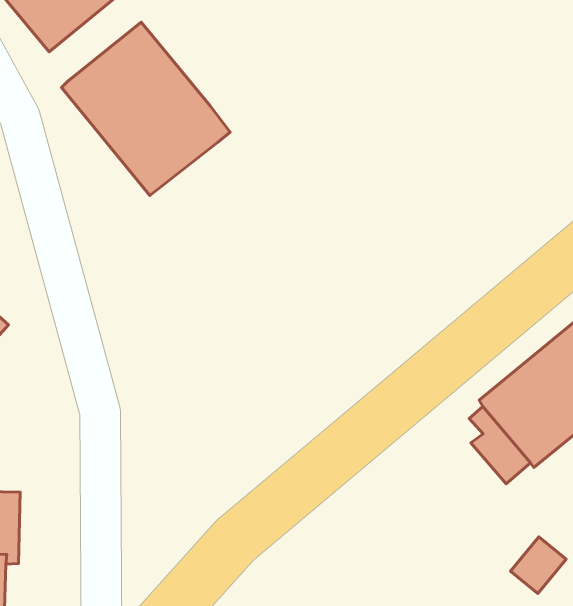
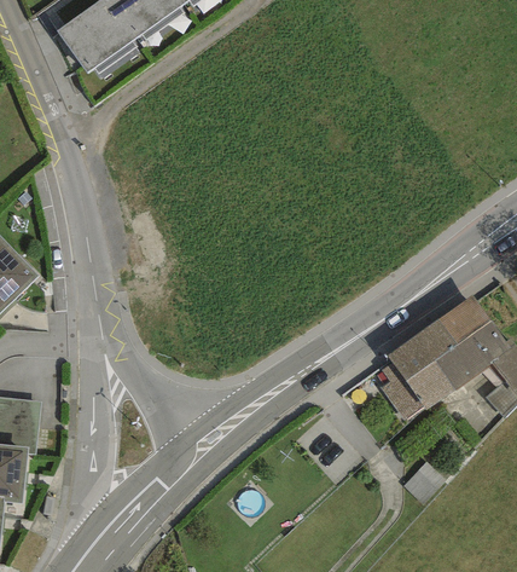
building: [62,22,230,195] -> none

